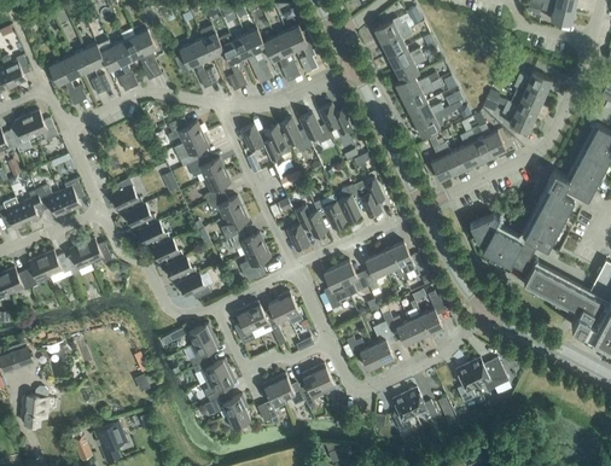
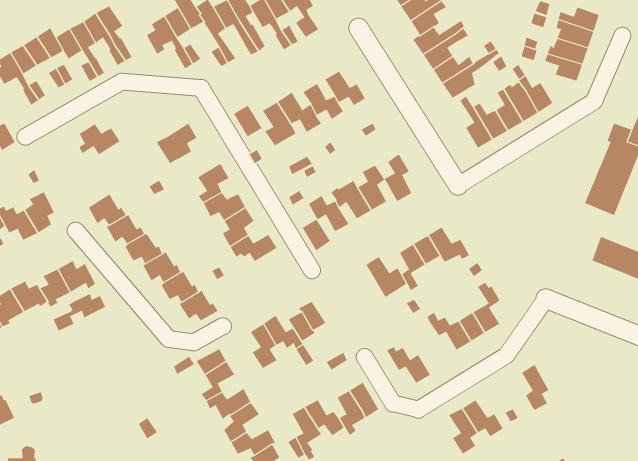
building: [168,117,203,144] -> [79,123,120,155]
building: [188,156,226,180] -> none
building: [470,214,536,269] -> none
building: [239,245,272,278] -> none
building: [324,267,350,309] -> none
building: none -> [53,293,106,331]
building: [373,321,394,363] -> none
building: [469,357,512,394] -> none

